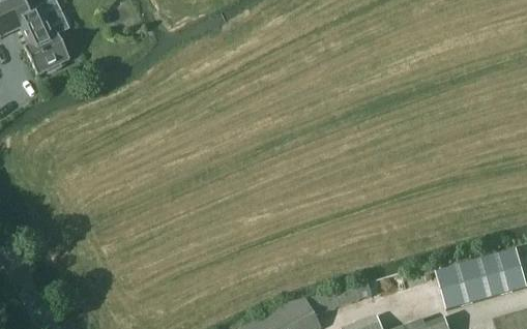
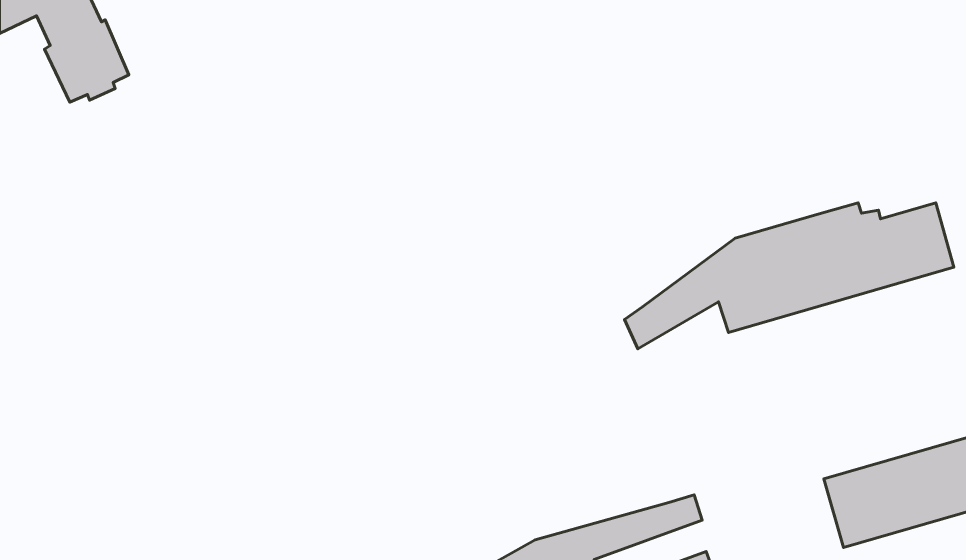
building: none -> [624,203,954,349]

